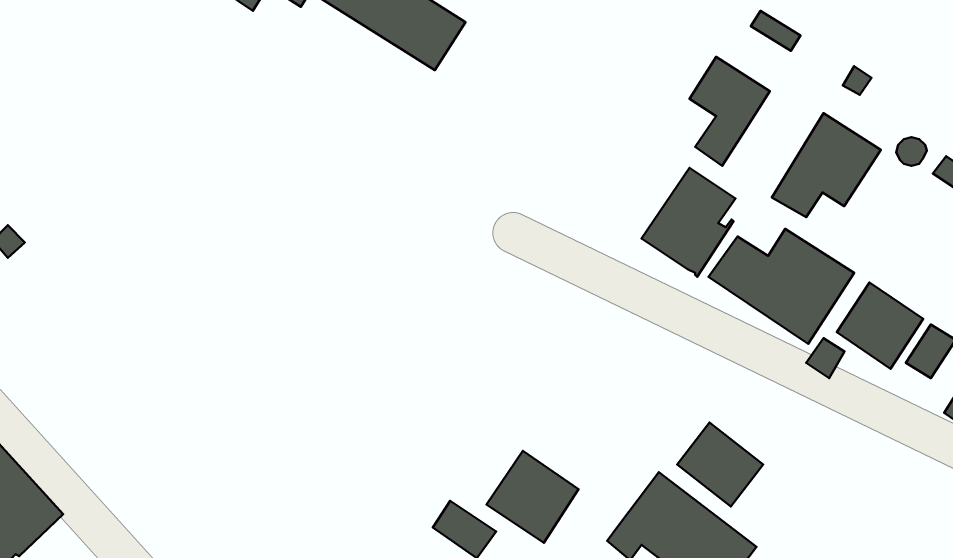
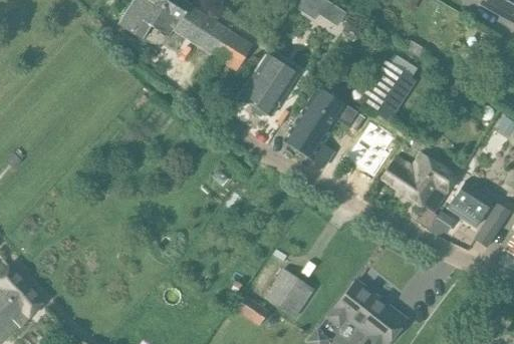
building: none -> [241,55,297,115]
building: none -> [282,87,357,166]
building: [772,113,881,217] -> none
building: [677,422,763,507] -> none

